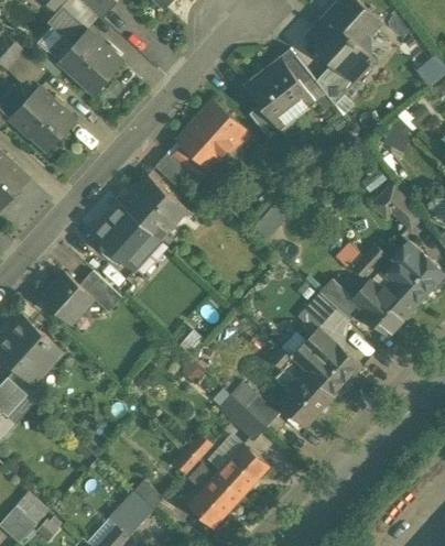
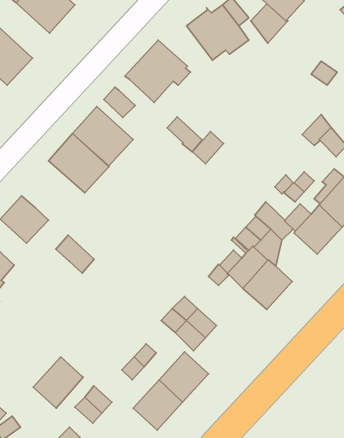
building: [172,144,210,183] -> [167,117,202,152]
building: [80,270,122,312] -> [56,235,94,273]
building: [280,373,334,427] -> none
building: none -> [33,357,83,408]

